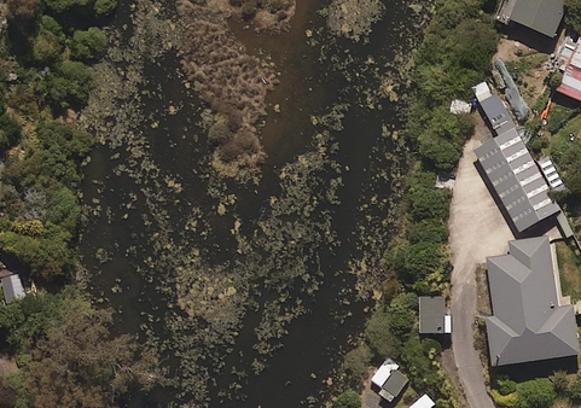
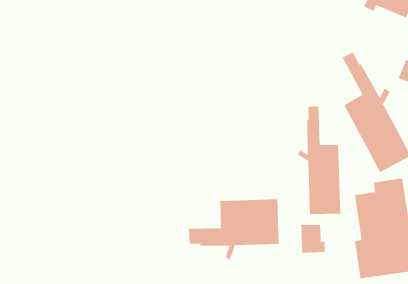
building: none -> [297,105,341,215]
building: none -> [188,199,279,261]

